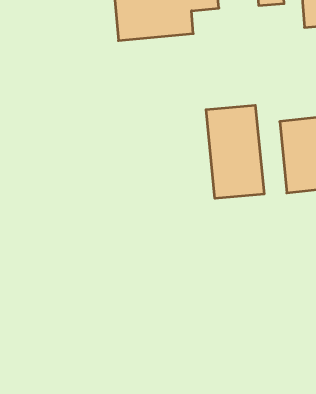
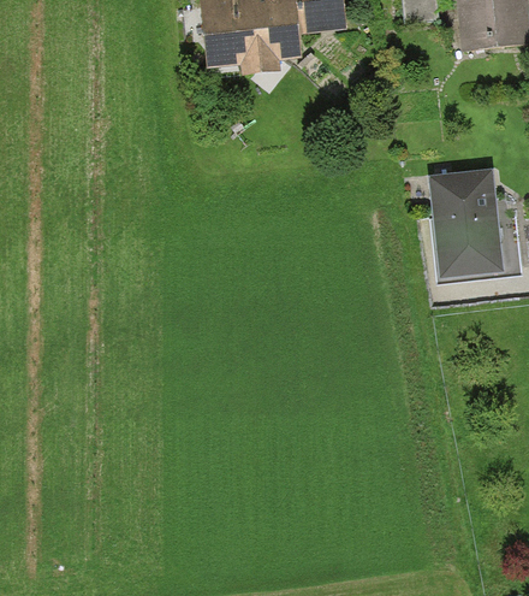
building: [206,105,264,198] -> none

